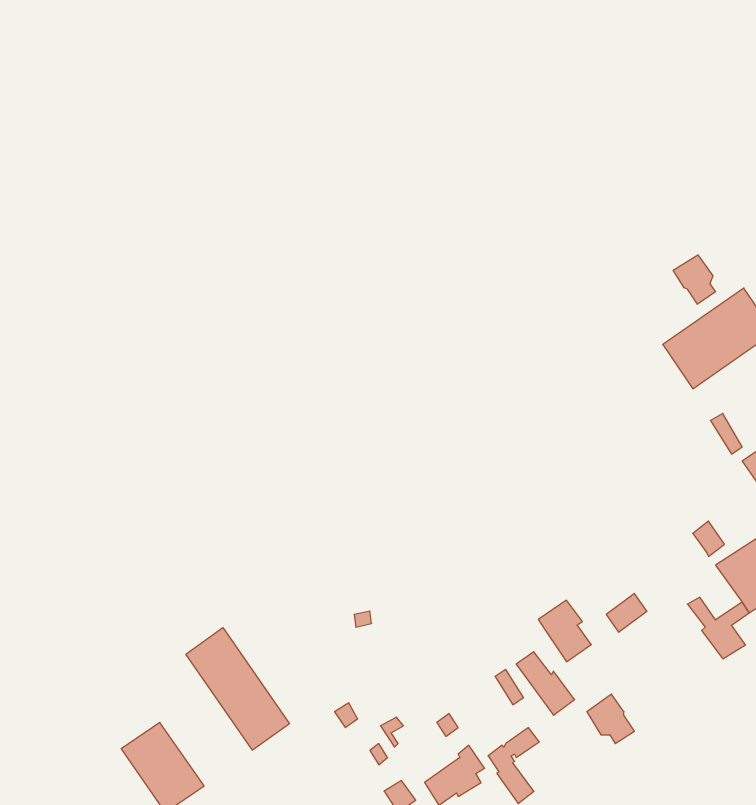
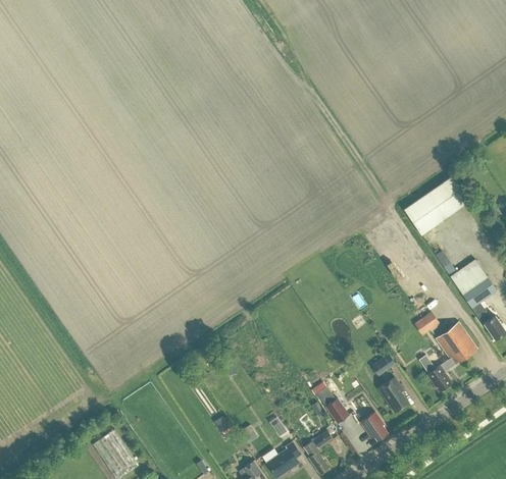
building: [673,255,716,304] -> none
building: [538,600,591,662] -> [377,377,408,413]
building: [186,628,289,750] -> none

